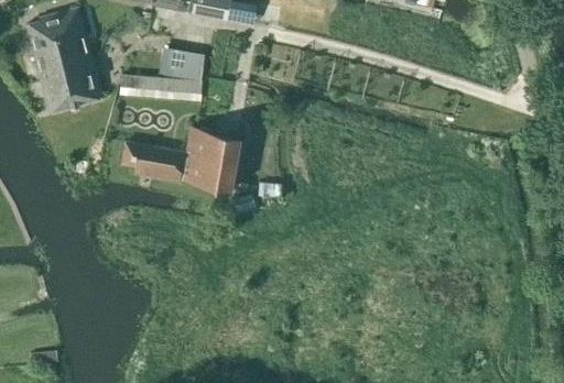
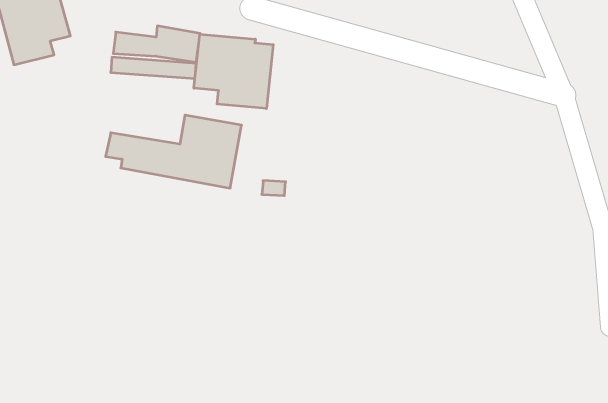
building: none -> [194,34,273,109]
building: [41,57,101,112] -> none

